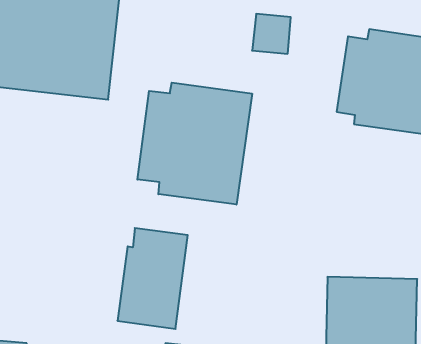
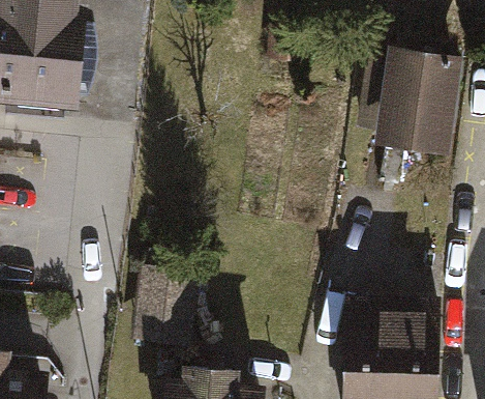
building: [137,83,252,205] -> none

